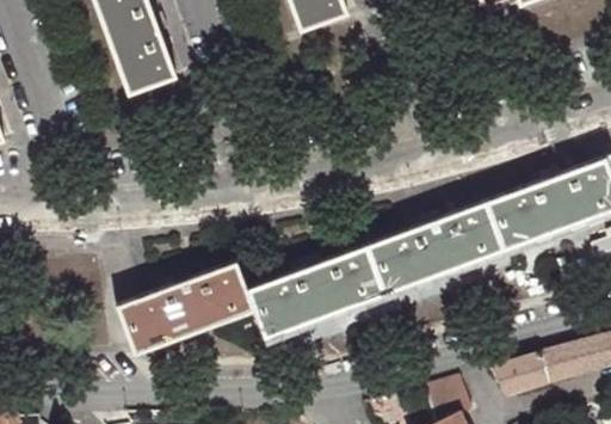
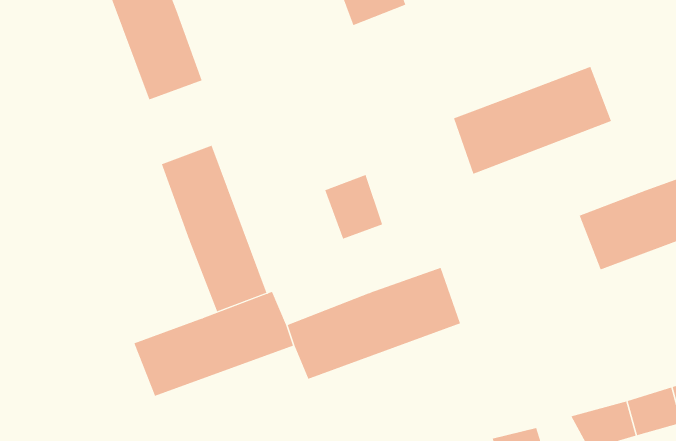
building: none -> [161,145,267,312]
building: none -> [324,174,383,240]
building: [381,196,516,288] -> [453,66,612,174]

